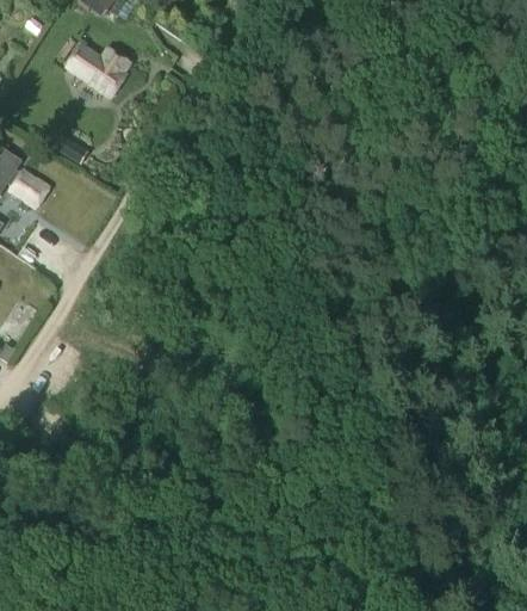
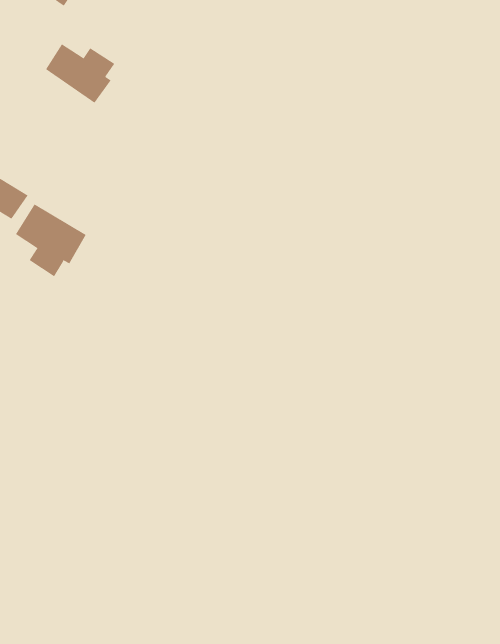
building: none -> [15,203,87,277]

